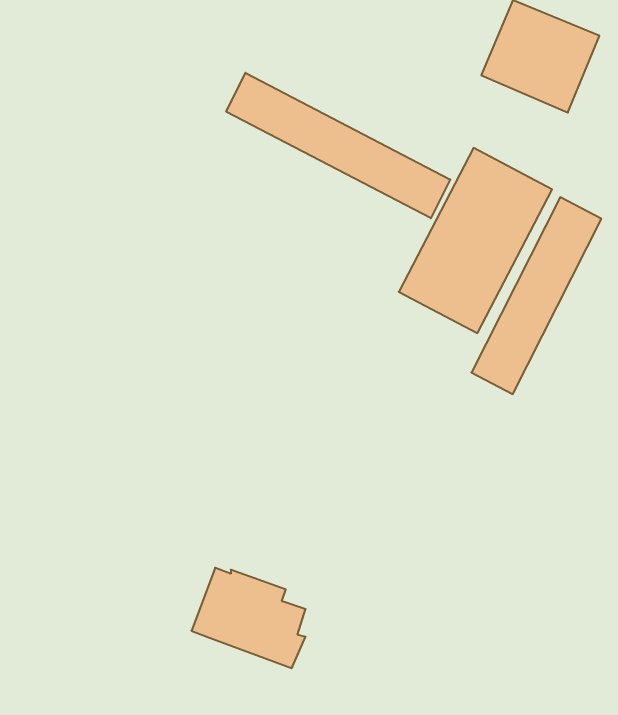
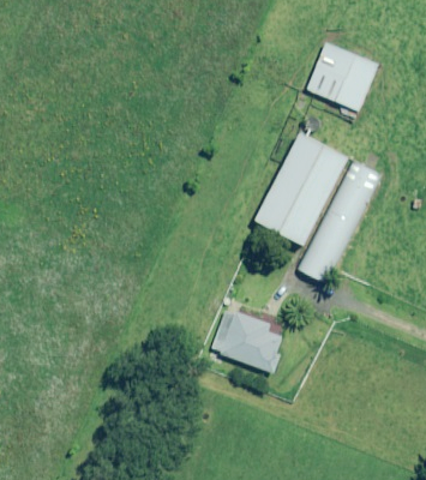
building: [226,73,450,218] -> none
building: [191,568,306,668] -> [211,311,281,372]

